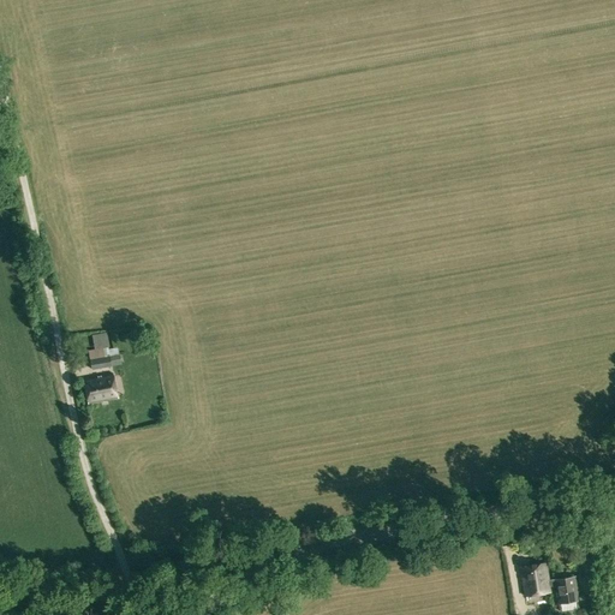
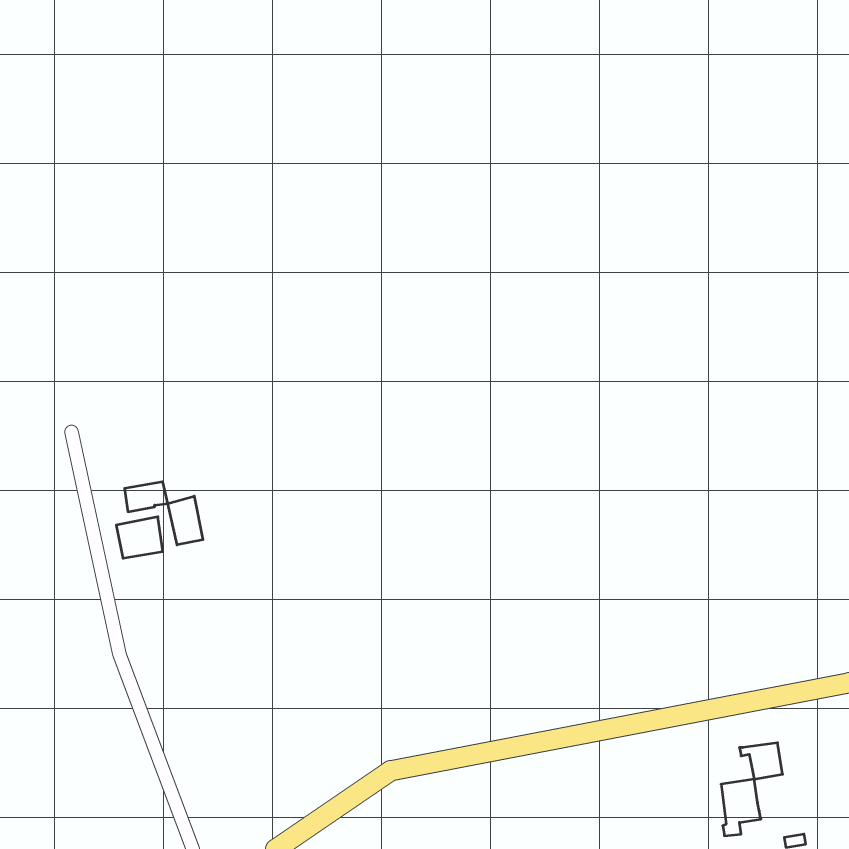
building: none -> [168,496,203,545]
building: [548,577,579,603] -> [739,743,783,779]

